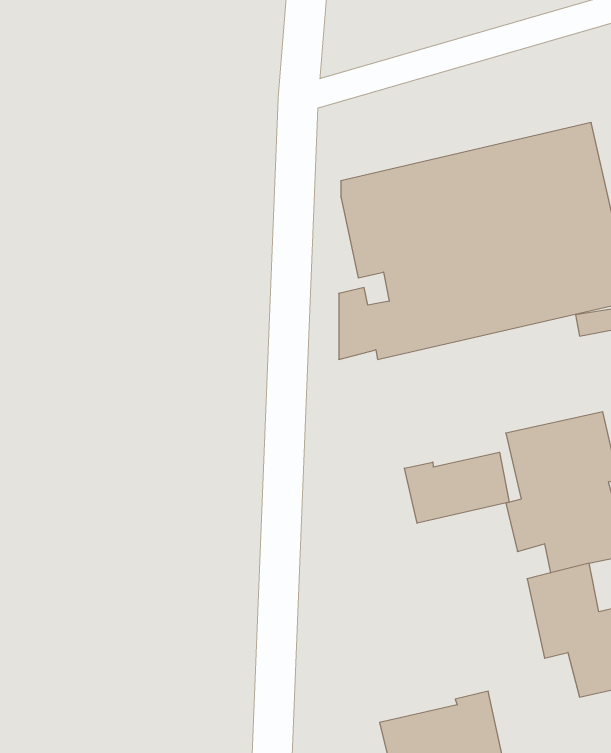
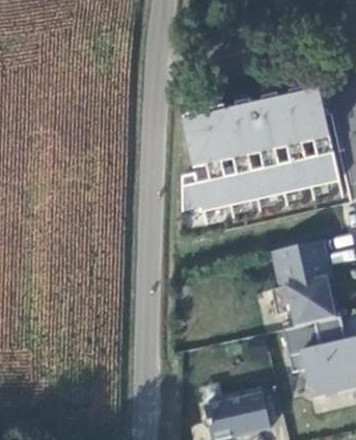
building: [404,452,509,523] -> none

